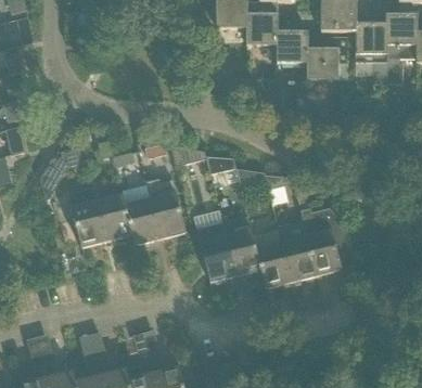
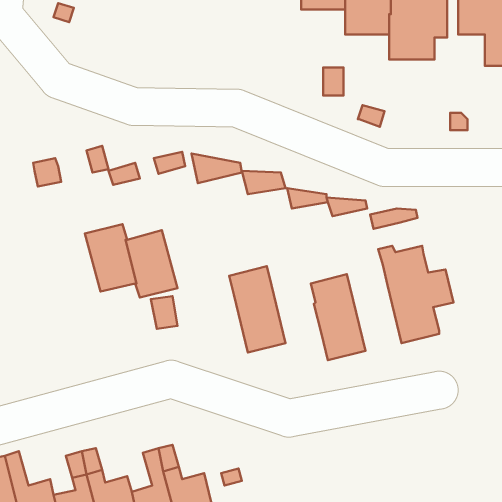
building: [146,180,187,238] -> none
building: [67,187,107,247] -> none
building: [278,222,316,282] -> none
building: [226,230,260,276] -> none

